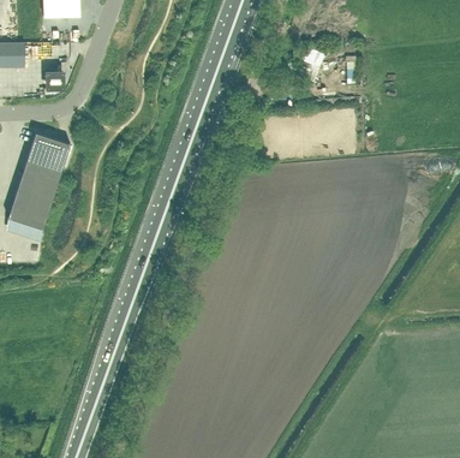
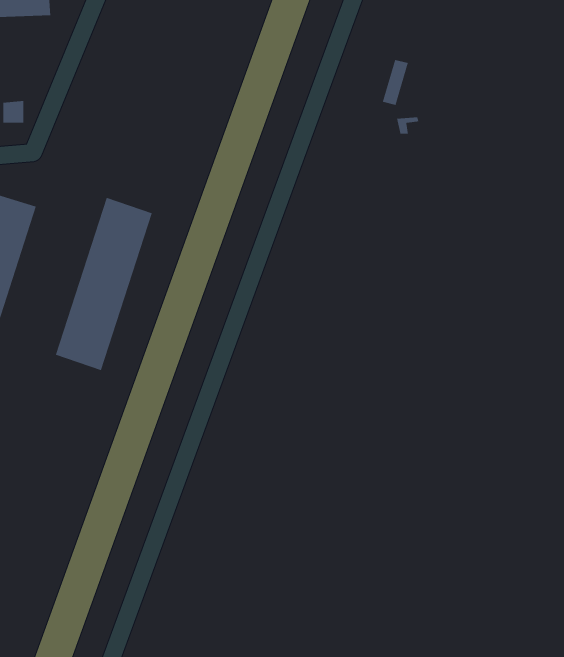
building: none -> [55,197,153,371]

